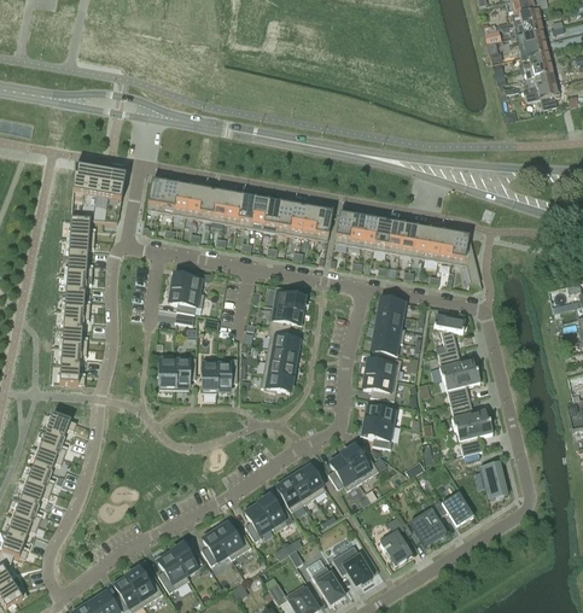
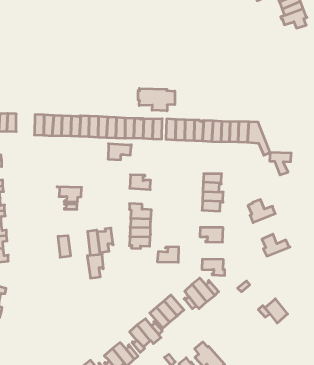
building: none -> [138,88,175,111]
building: [168,268,203,292] -> none
building: [268,303,304,328] -> [108,144,131,160]
building: [432,314,465,348] -> [270,153,291,175]
building: [365,354,401,378] -> none
building: [174,355,196,387] -> [87,254,103,278]
building: [441,368,479,402] -> none
building: [361,399,395,424] -> [157,247,179,262]
building: [454,419,491,454] -> none
building: [479,460,507,497] -> none
building: [409,506,445,544] -> none
building: [379,514,410,562] -> none

